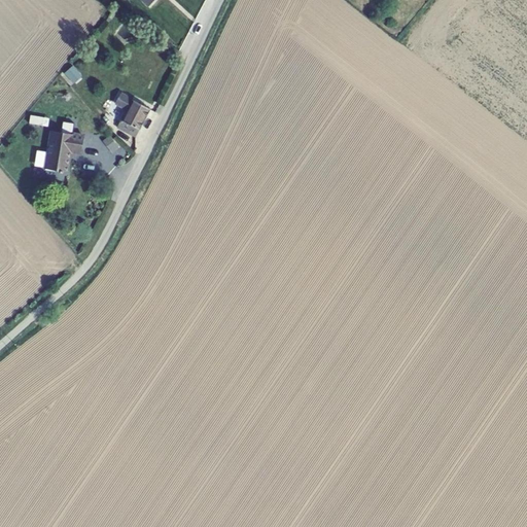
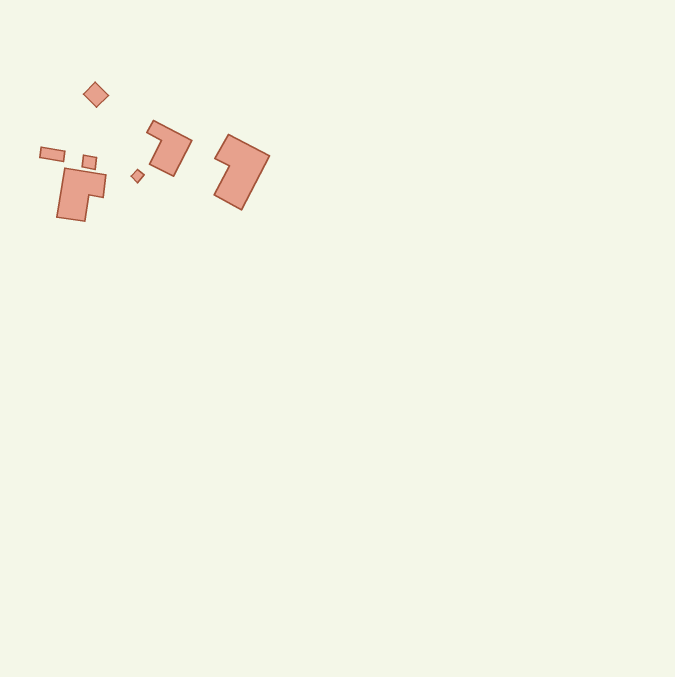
building: none -> [214,134,269,210]

